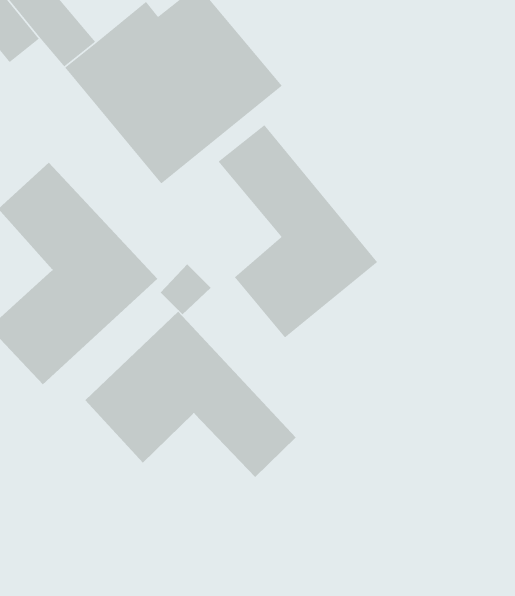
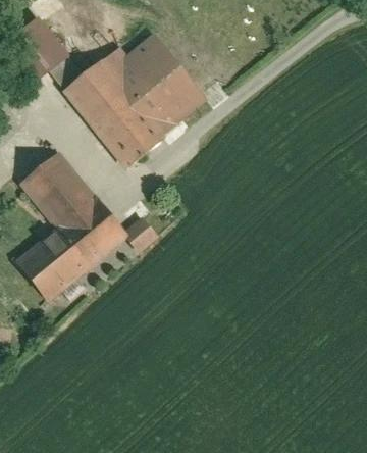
building: [218,124,378,339] -> none
building: [84,311,297,478] -> none

